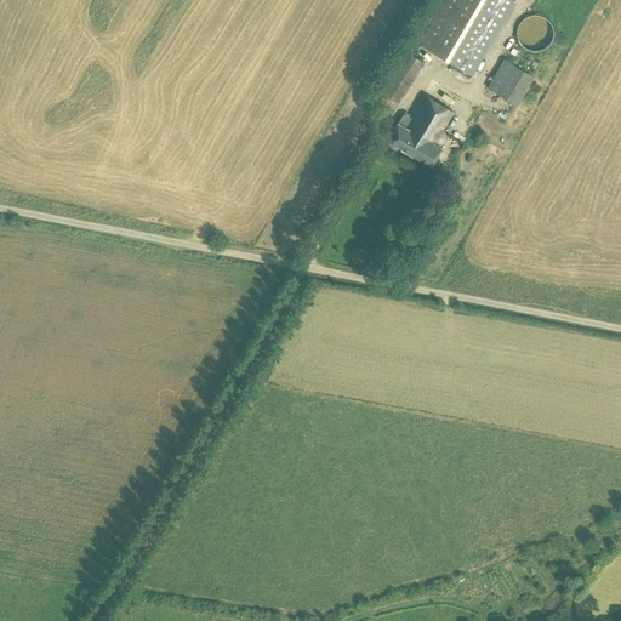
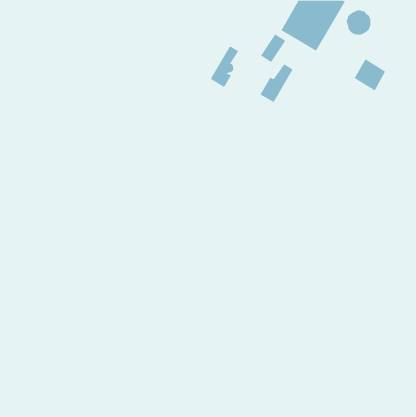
building: [485,58,532,107] -> [354,58,386,91]
building: [408,103,451,166] -> [210,45,239,88]

